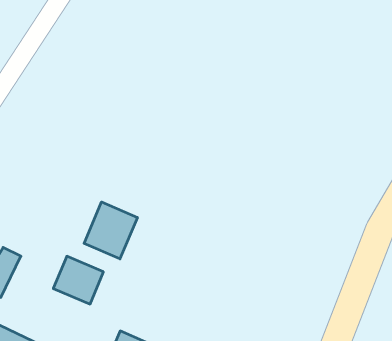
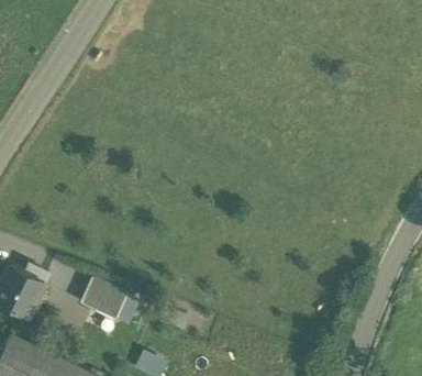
building: [84,202,137,259] -> none

